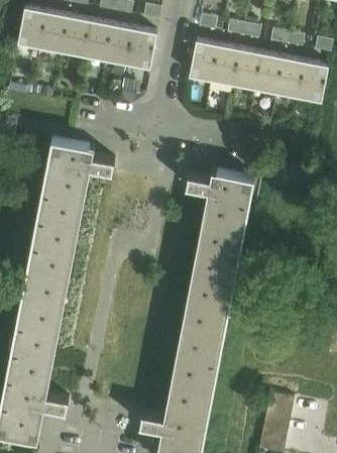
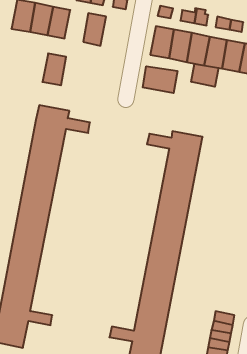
building: [84,20,113,60] -> [42,53,66,85]
building: [128,28,157,69] -> none
building: none -> [191,64,219,87]
building: none -> [143,66,177,93]

